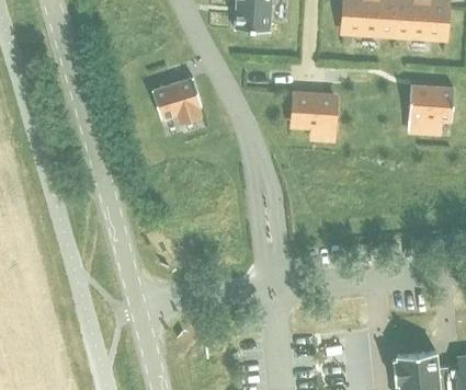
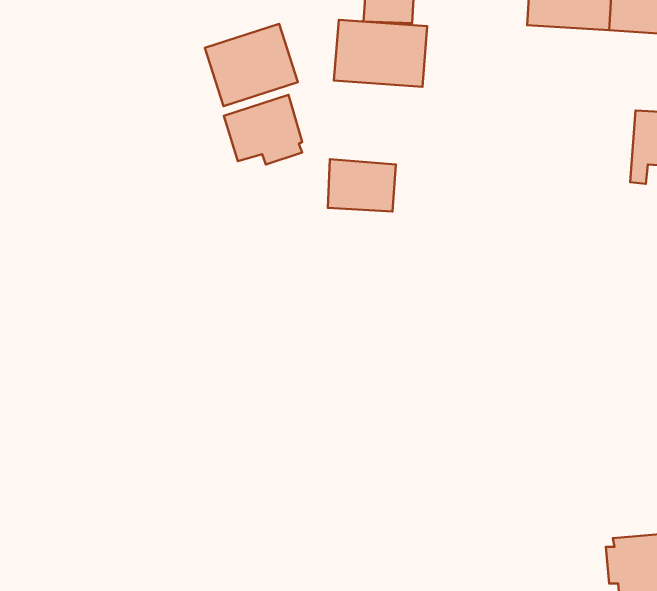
building: none -> [334,20,427,87]
building: none -> [205,24,298,106]
building: [293,94,336,127] -> [328,159,396,211]

